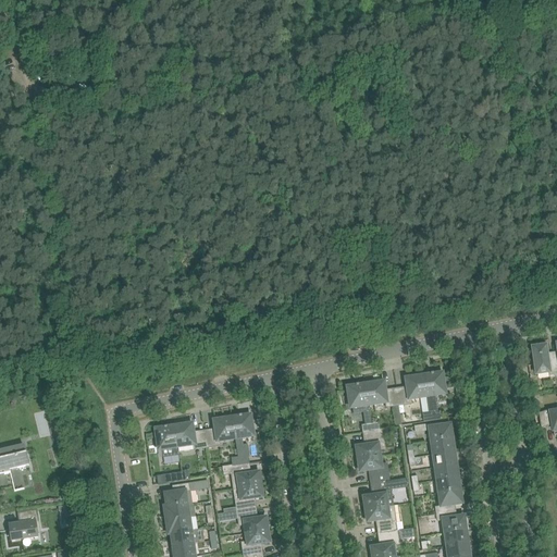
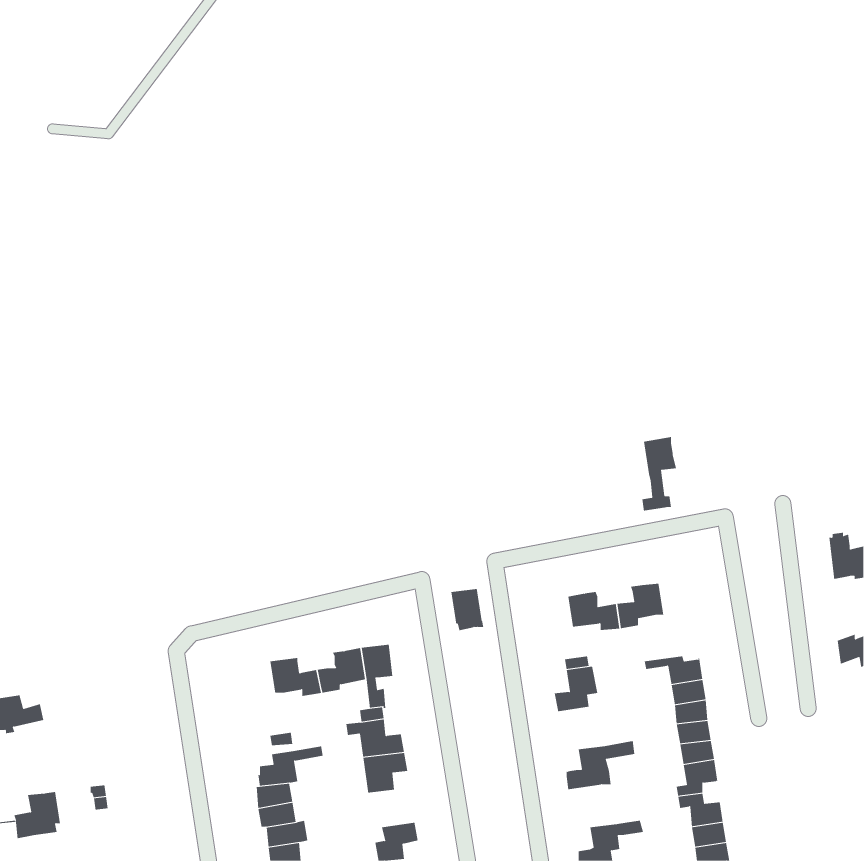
building: [422,371,445,419] -> [641,436,677,511]
building: [347,383,369,410] -> [450,588,484,631]
building: [156,424,177,455] -> none
building: [358,454,388,481] -> none
building: [364,504,396,531] -> none
building: [236,507,267,531] -> none

